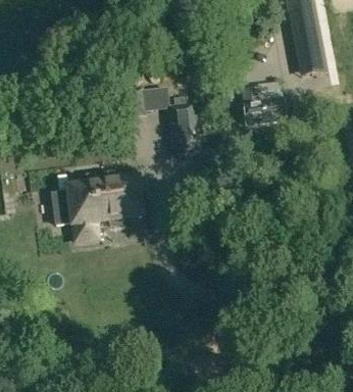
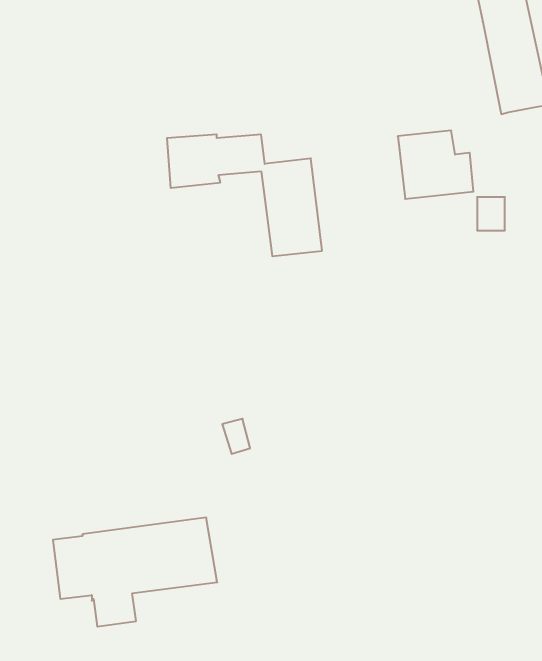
building: [52,176,143,236] -> [53,518,217,627]

